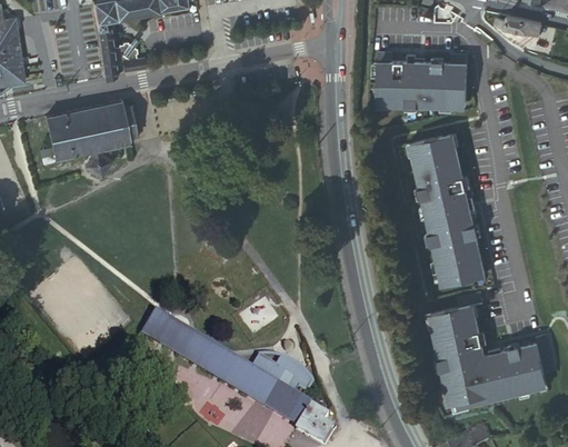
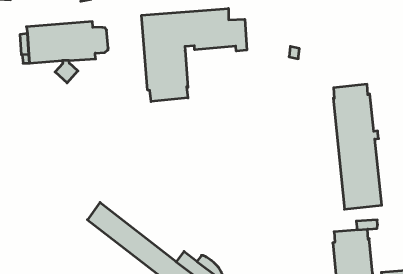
building: [377,52,467,107] -> none
building: none -> [142,8,247,102]

